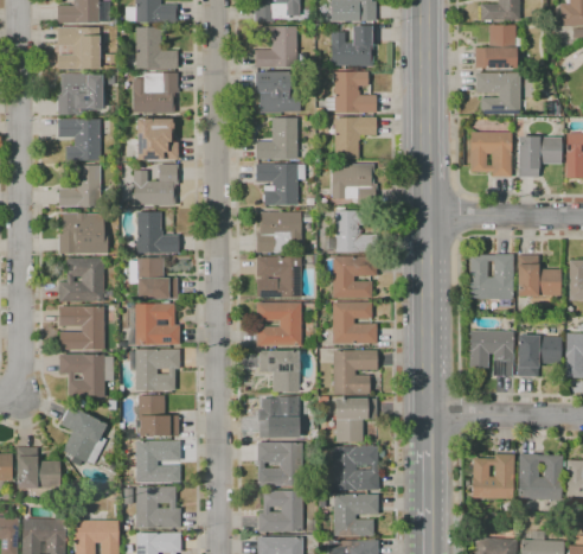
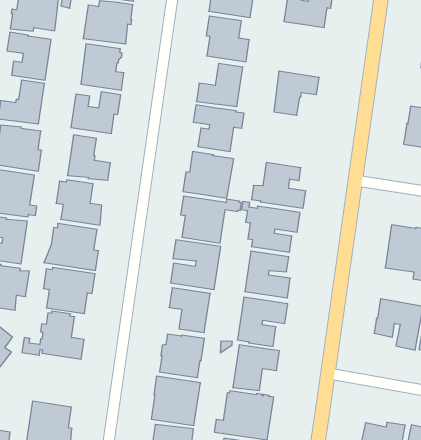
building: [326,72,377,114] -> none
building: [332,164,377,202] -> none
building: [136,441,181,483] -> none

